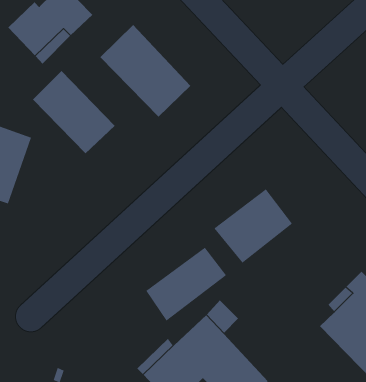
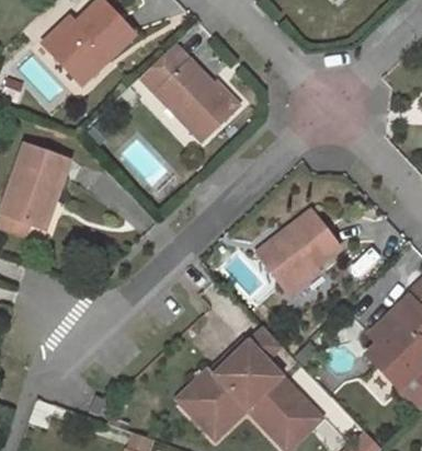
building: [32,70,115,154] -> none
building: [145,247,227,321] -> none

